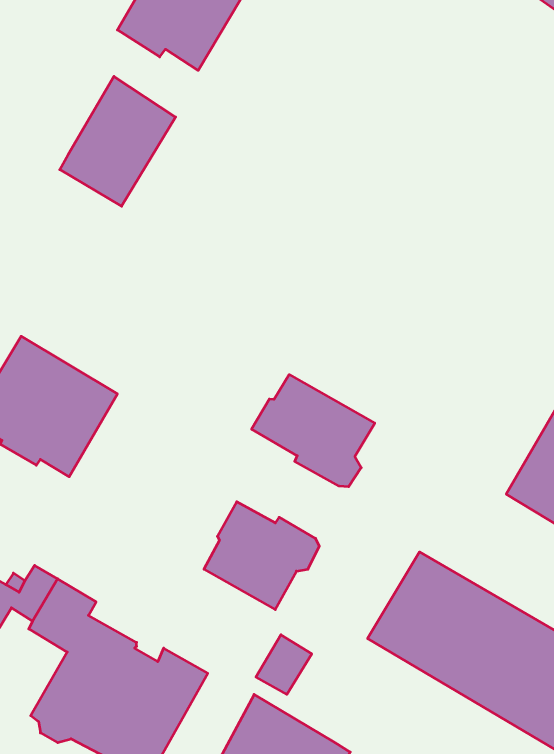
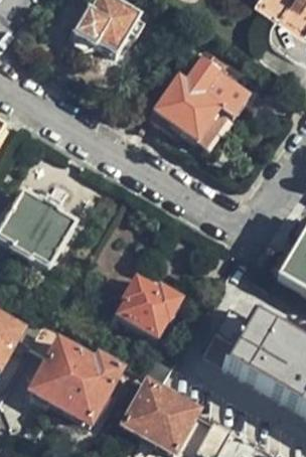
building: [60,76,176,206] -> none
building: none -> [154,59,248,145]
building: [252,375,375,487] -> none

